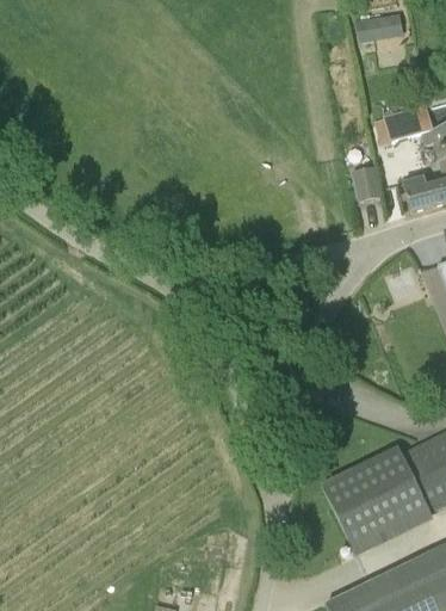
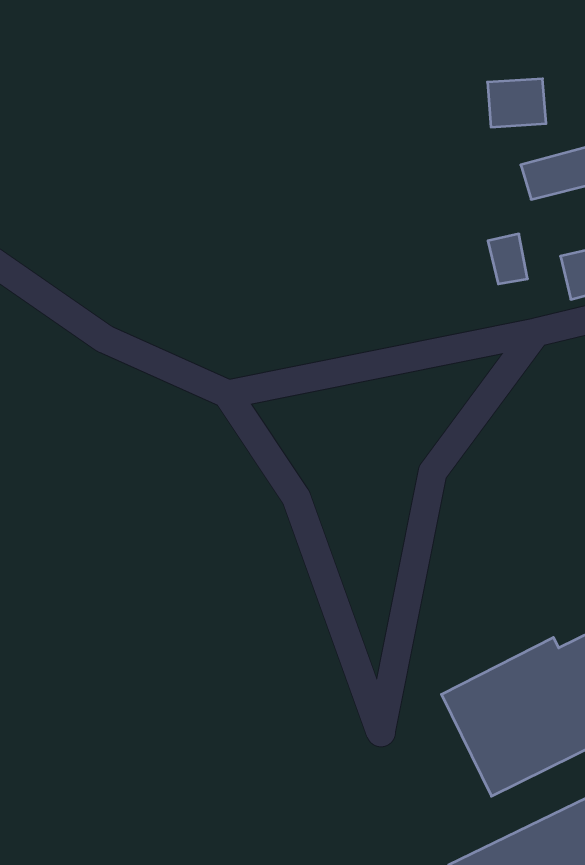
building: [363,13,403,47] -> [487,79,546,127]

